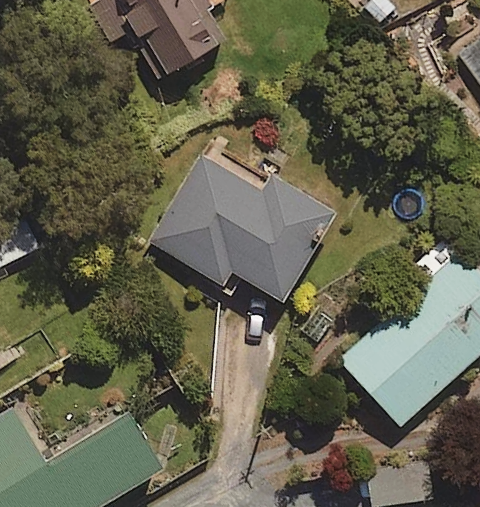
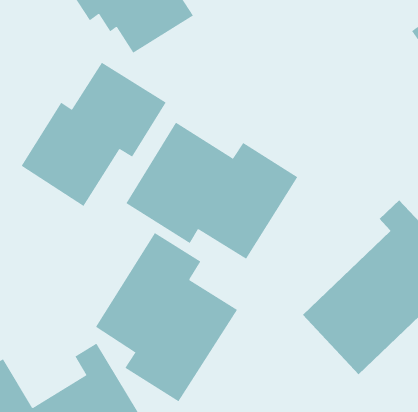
building: none -> [21,62,167,207]
building: none -> [95,232,238,402]

